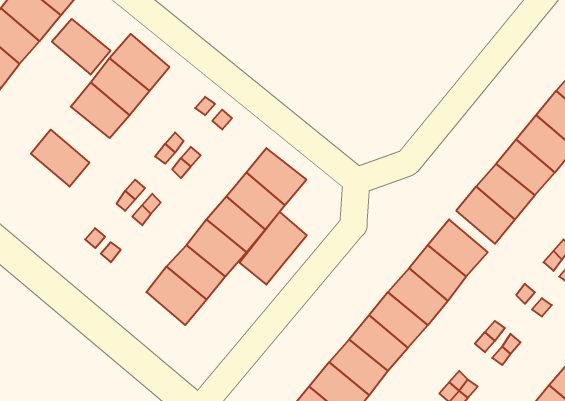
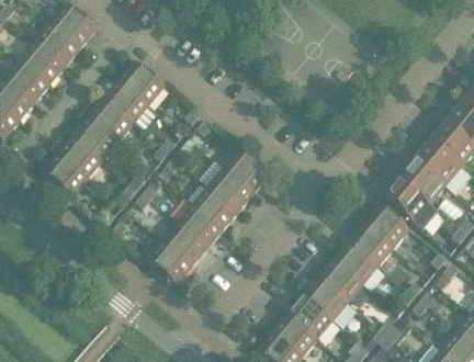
building: [52,19,110,75] -> [74,116,119,159]
building: none -> [43,152,88,196]
building: [240,212,307,285] -> none

